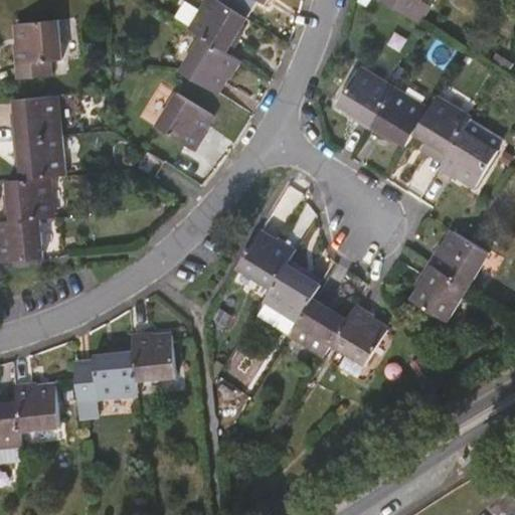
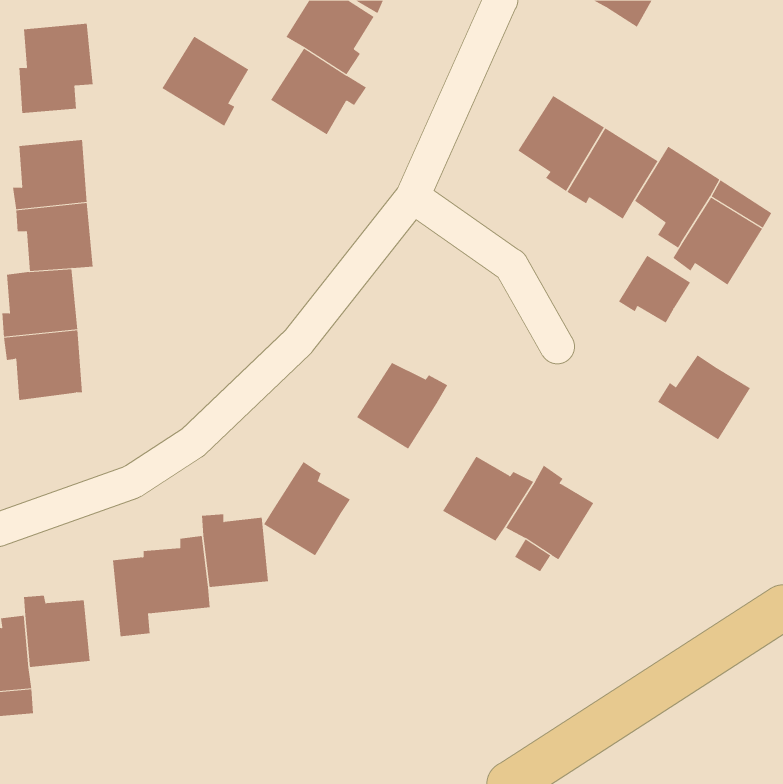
building: [154,89,211,148] -> [162,36,249,126]
building: none -> [618,255,691,323]
building: [414,264,471,324] -> none
building: [261,265,318,327] -> [263,461,351,556]

